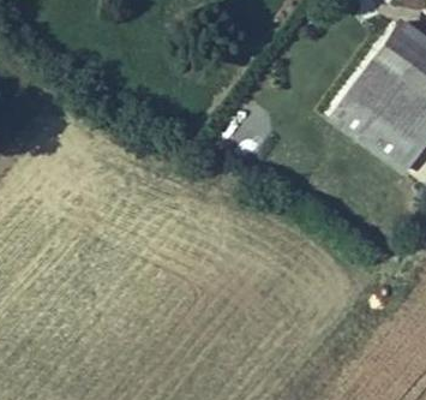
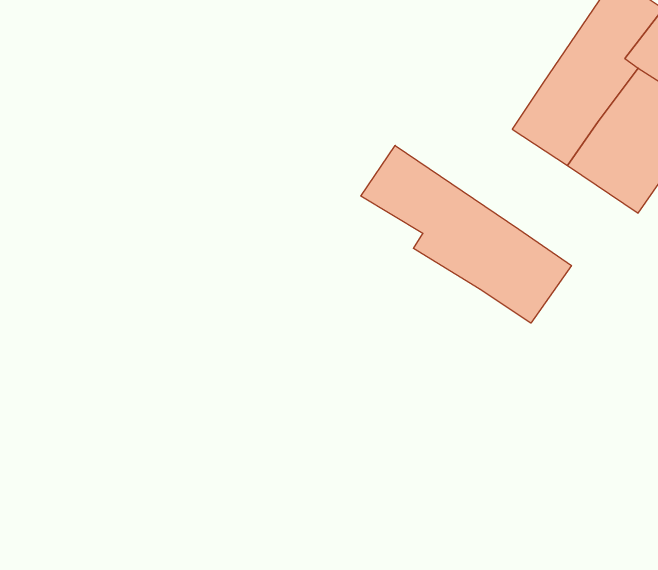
building: none -> [361,145,571,323]

